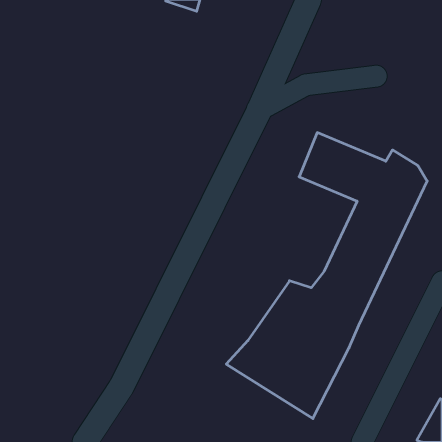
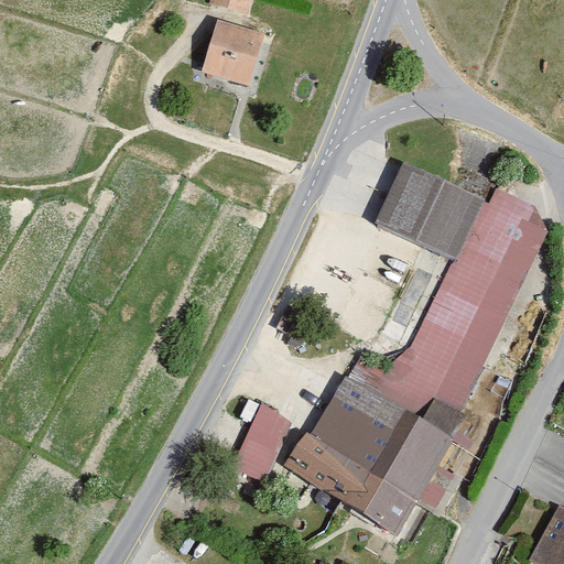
building: none -> [200,20,265,85]
building: none -> [234,404,290,481]

